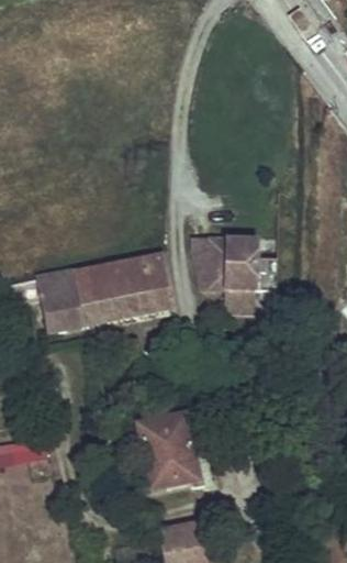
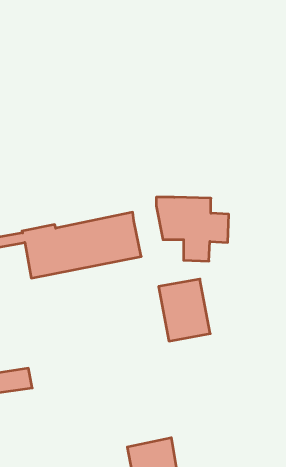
building: [137,415,198,487] -> [159,279,210,341]

